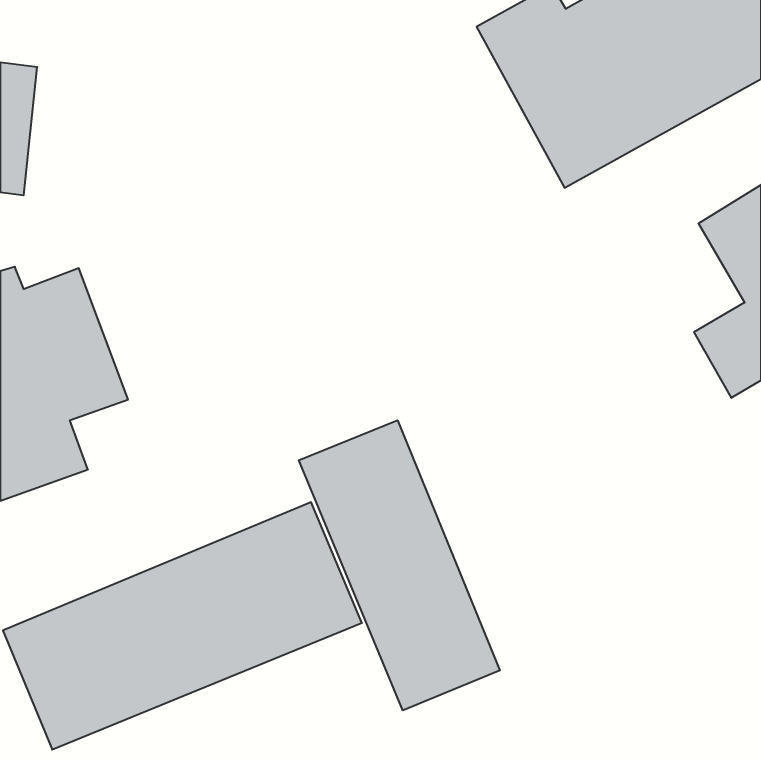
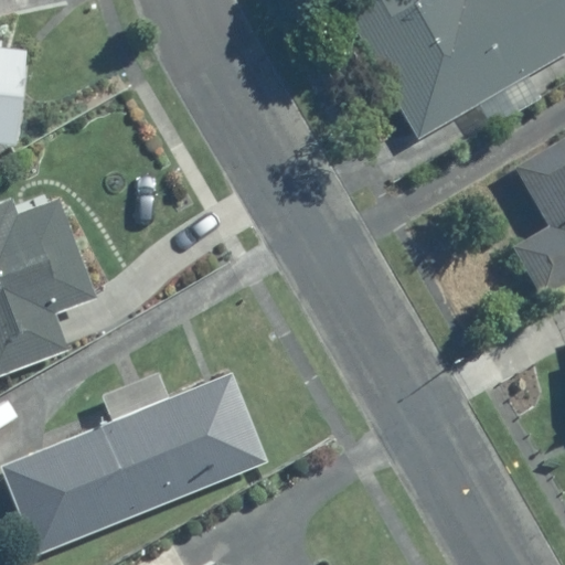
building: [299,420,500,710] -> none

